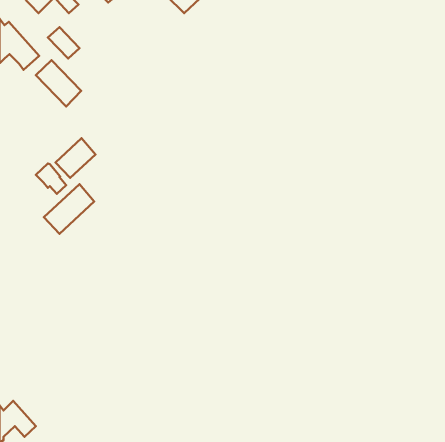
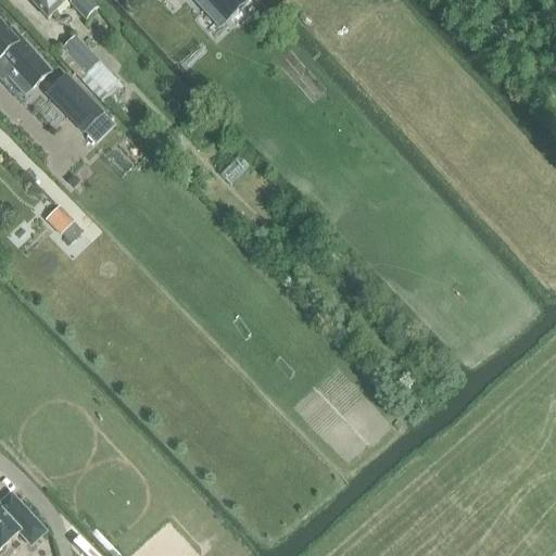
building: [55,138,96,178] -> none
building: [44,184,94,234] -> none

